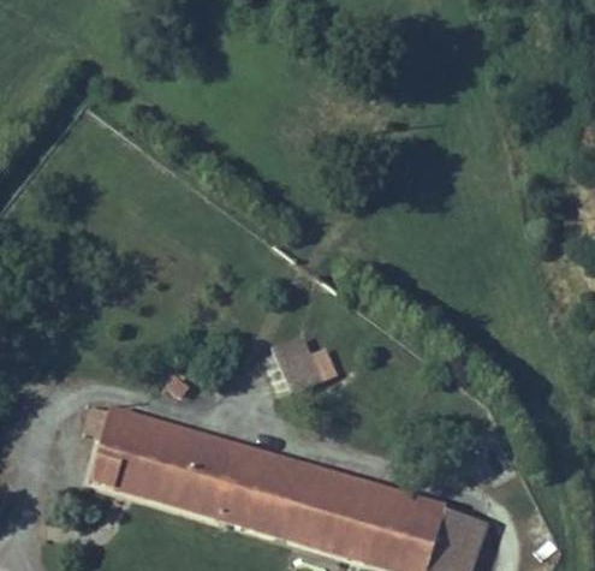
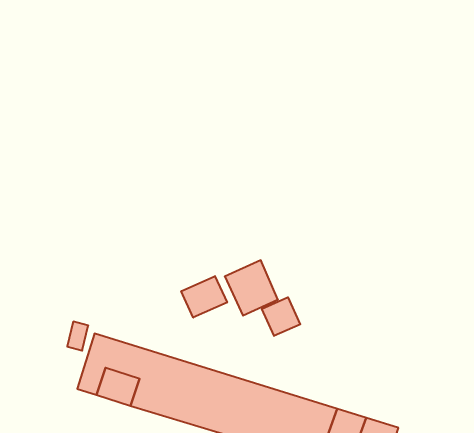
building: none -> [181,276,227,318]
building: none -> [262,297,300,336]

